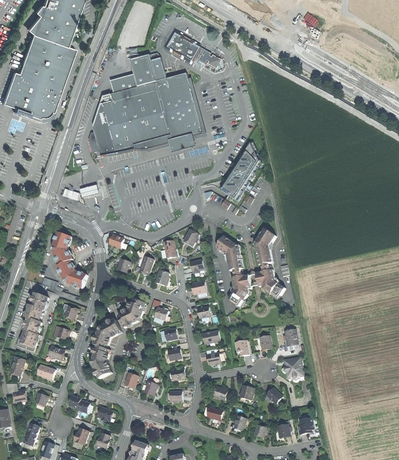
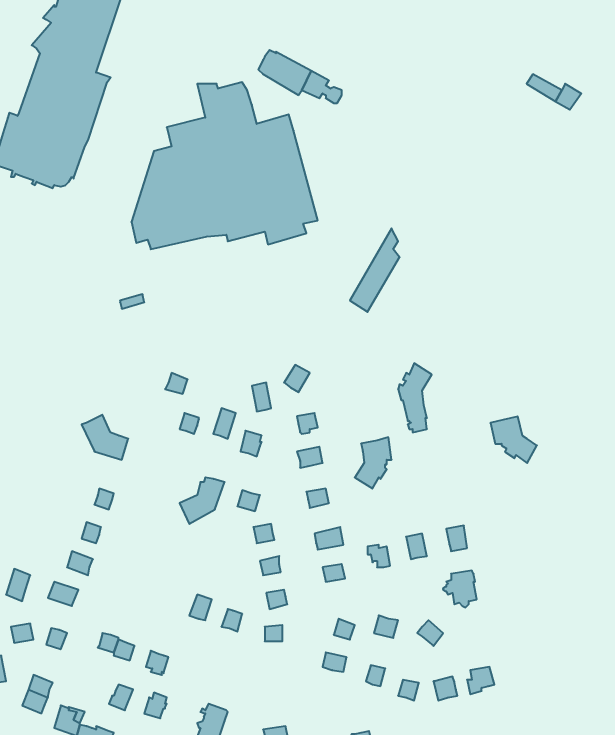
building: [52,232,72,265] -> none
building: [216,237,242,278] -> none
building: [255,269,284,298] -> [490,416,537,463]
building: [15,293,48,351] -> none
building: [91,320,121,378] -> none

